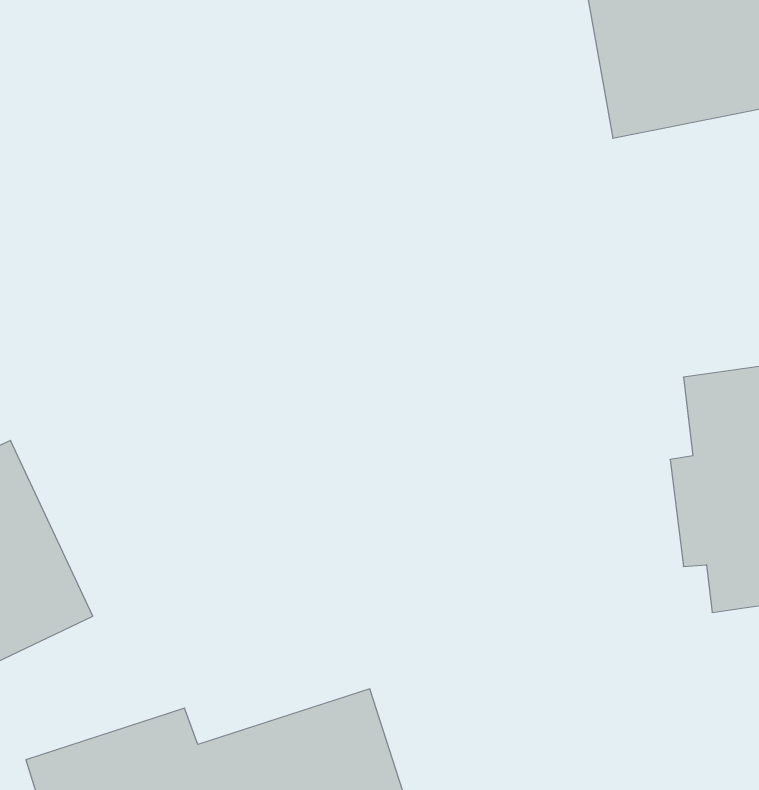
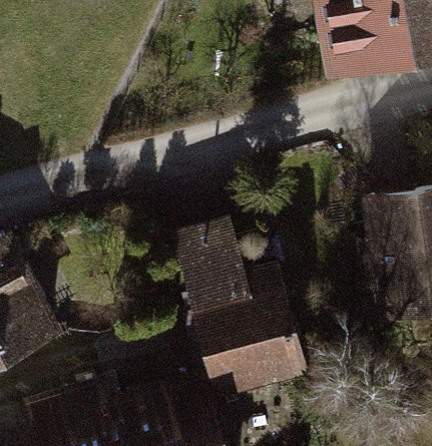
building: none -> [179,219,309,392]

